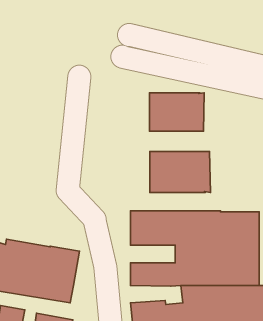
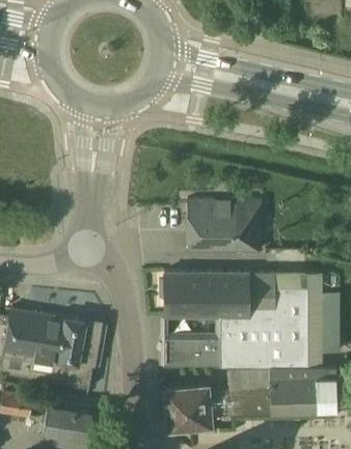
building: [149,93,204,131] -> none

